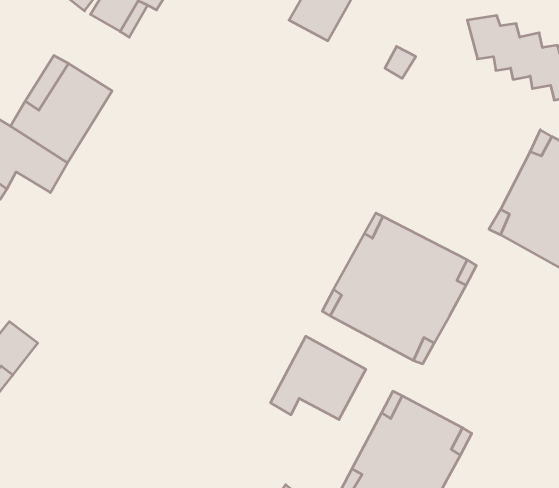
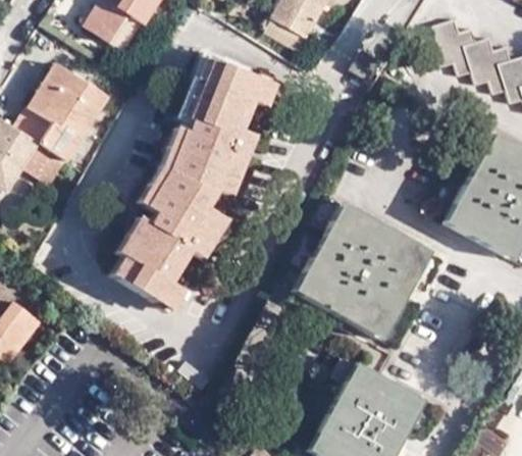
building: none -> [112,55,274,309]
building: [271,336,366,420] -> none

